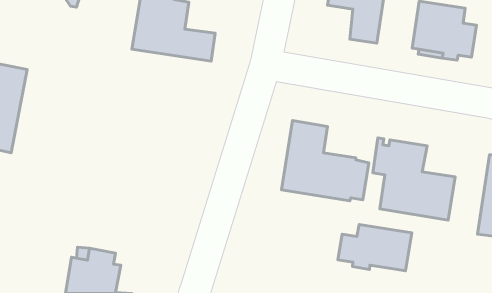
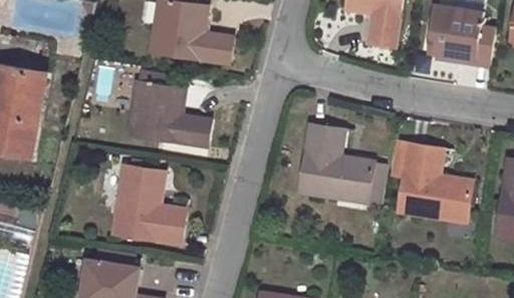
building: none -> [127,72,212,147]
building: none -> [112,166,187,246]
building: [338,224,412,271] -> none

